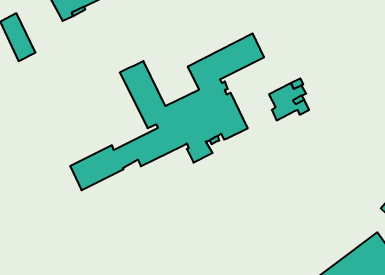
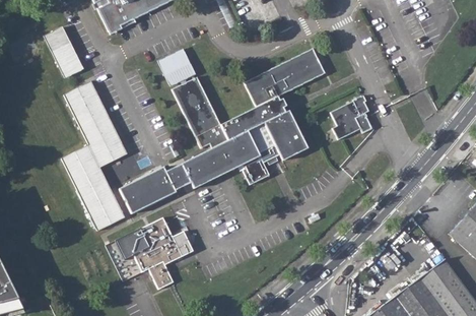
building: none -> [158,49,195,85]
building: none -> [61,81,127,232]
building: none -> [115,218,193,290]

